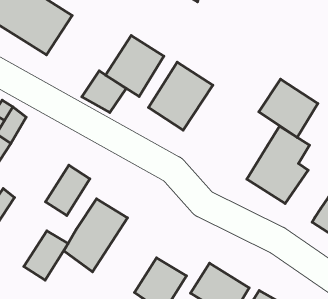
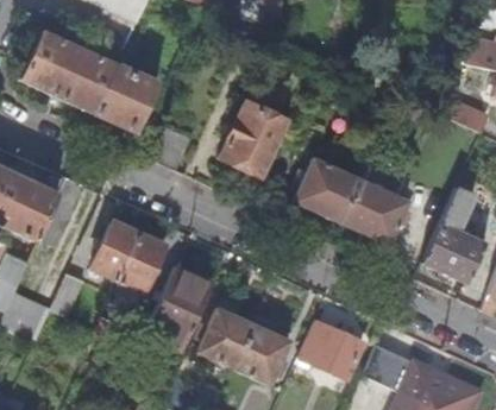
building: [105,36,164,97] -> [95,65,158,133]
building: [259,79,318,137] -> [294,159,359,222]
building: [24,231,68,280] -> [92,225,138,280]
building: none -> [197,309,252,368]

